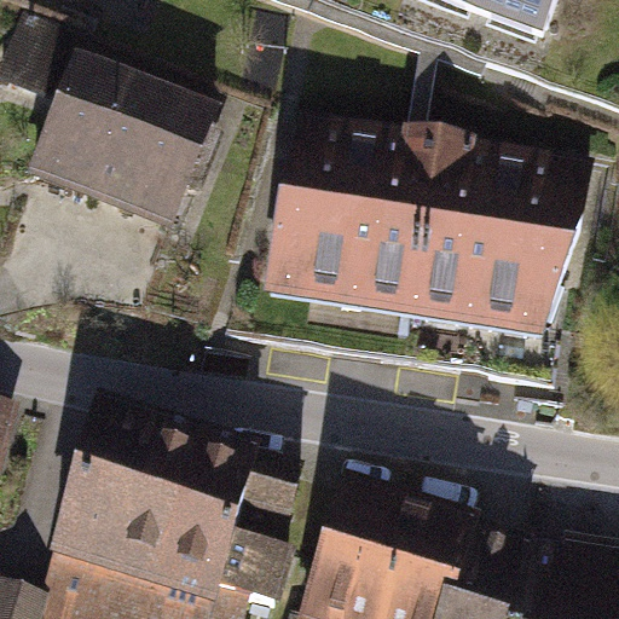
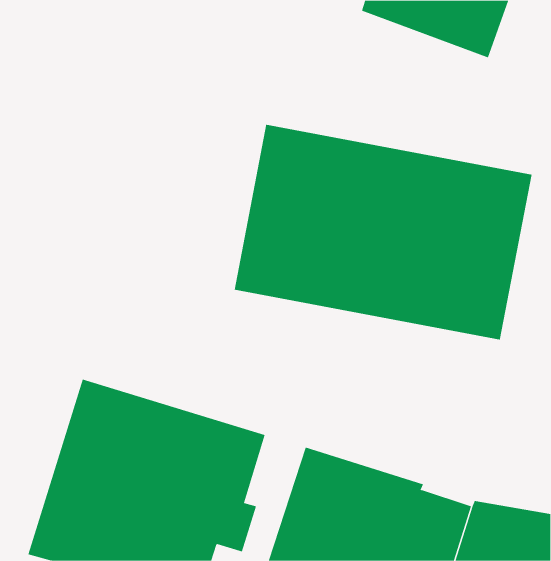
building: [12,29,227,227] -> none

